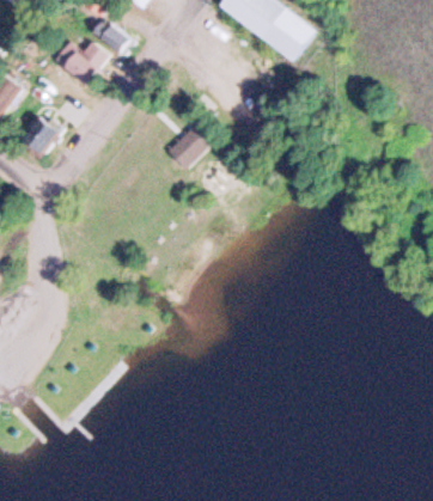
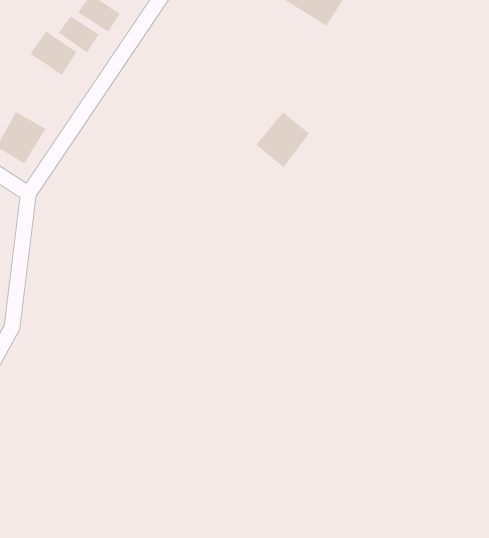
building: [169,123,213,169] -> [255,112,310,168]

